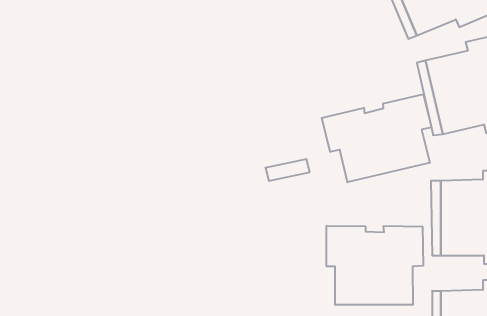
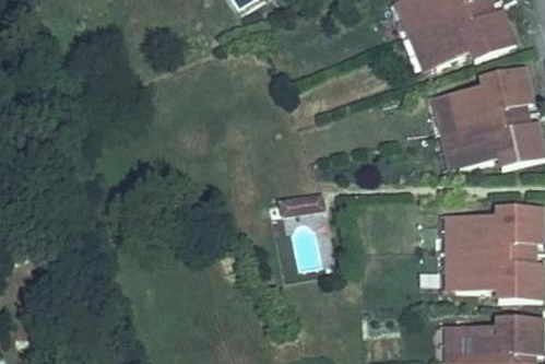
building: [322,94,431,182] -> none
building: [327,226,423,305] -> none

